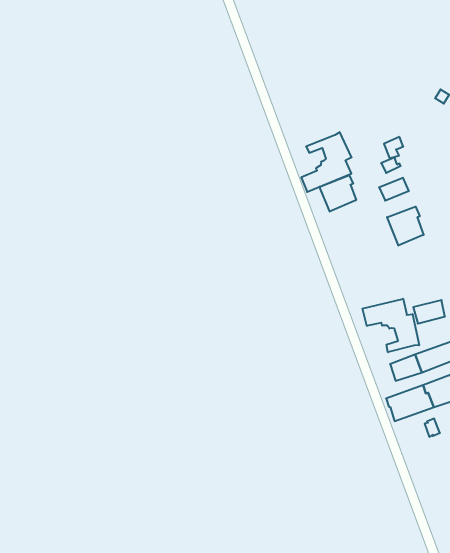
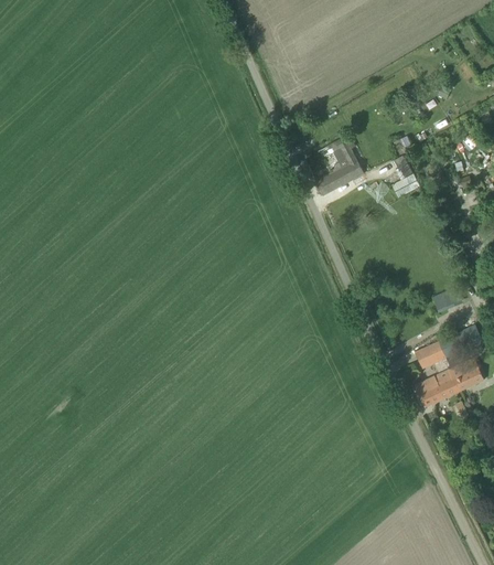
building: [319,175,356,212] -> none
building: [387,207,424,246] -> none
building: [362,299,419,352] -> none

